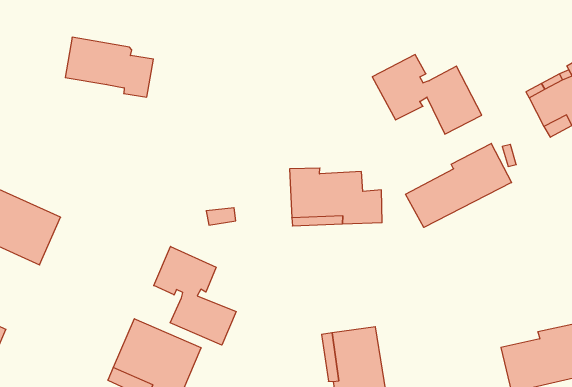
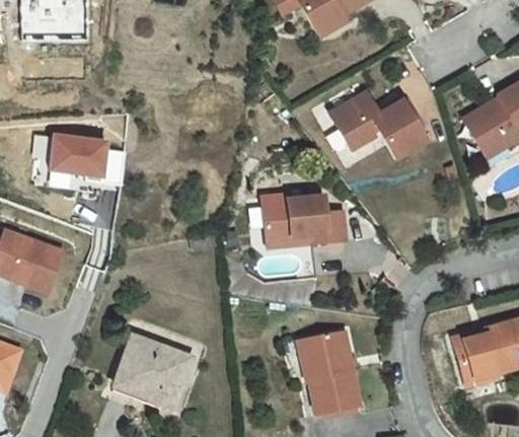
building: [65,37,153,97] -> [50,136,126,185]
building: [406,143,512,227] -> none
building: [154,246,236,345] -> none

